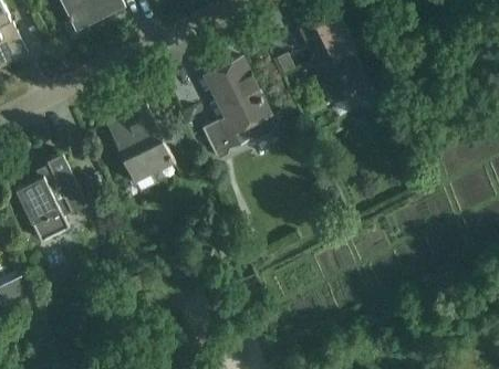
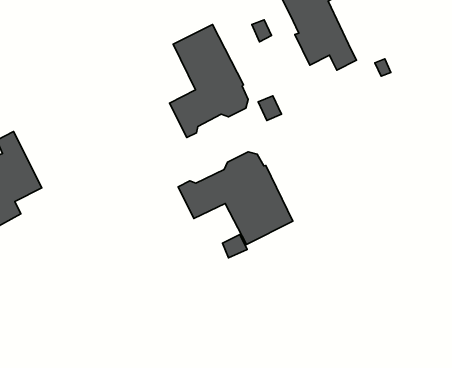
building: [105,103,170,190] -> none
building: none -> [178,152,293,245]

